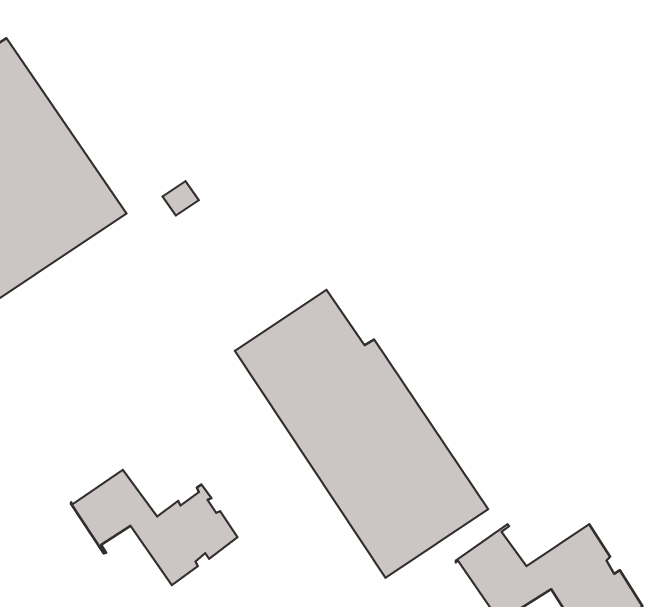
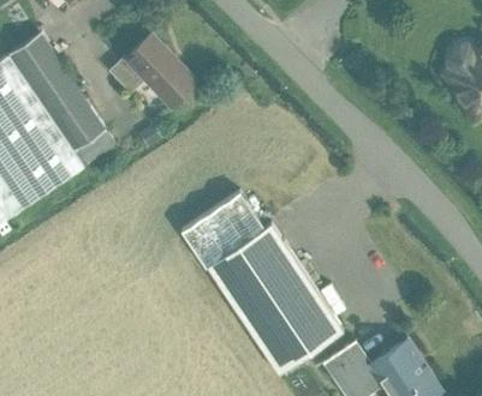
building: none -> [109,34,197,106]
building: [71,470,237,585] -> none

